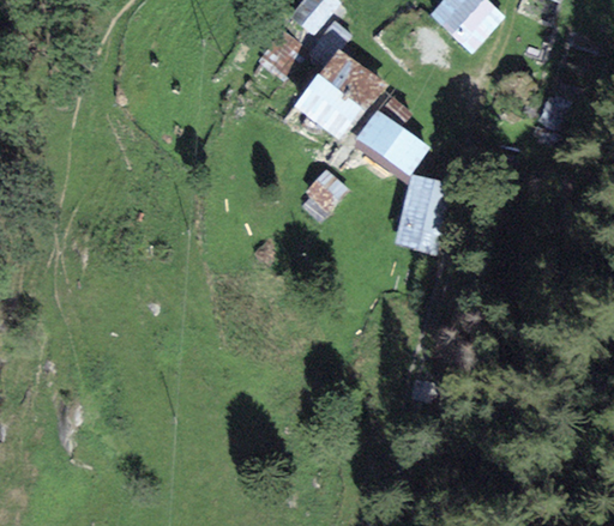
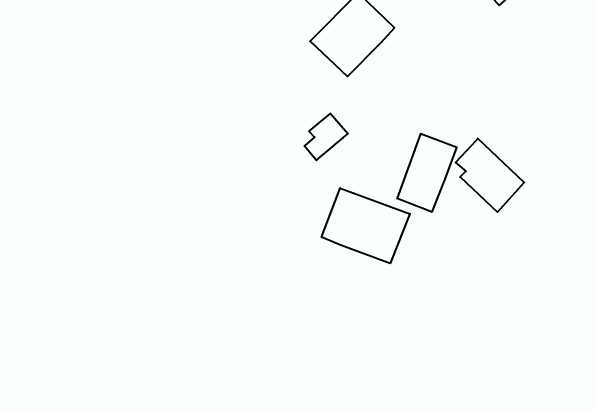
building: [359,110,426,177] -> [456,138,524,212]
building: none -> [322,188,410,263]

